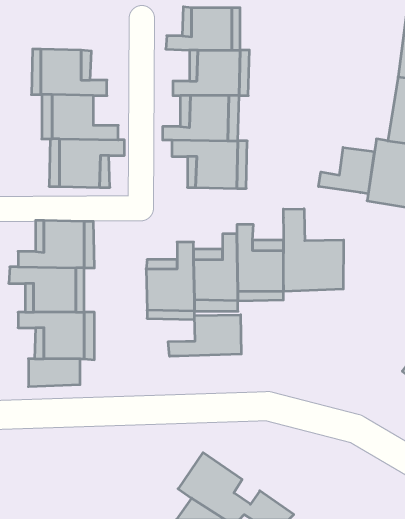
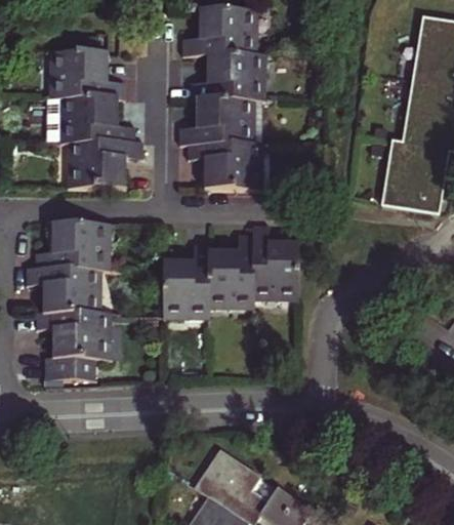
building: [319,147,374,194] -> none
building: [283,209,344,291] -> none
building: [168,315,241,356] -> none

